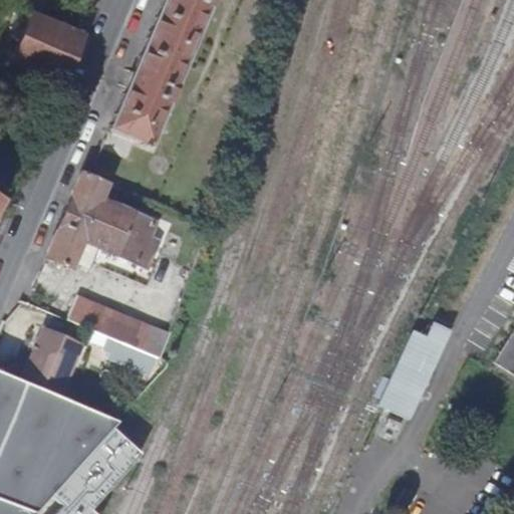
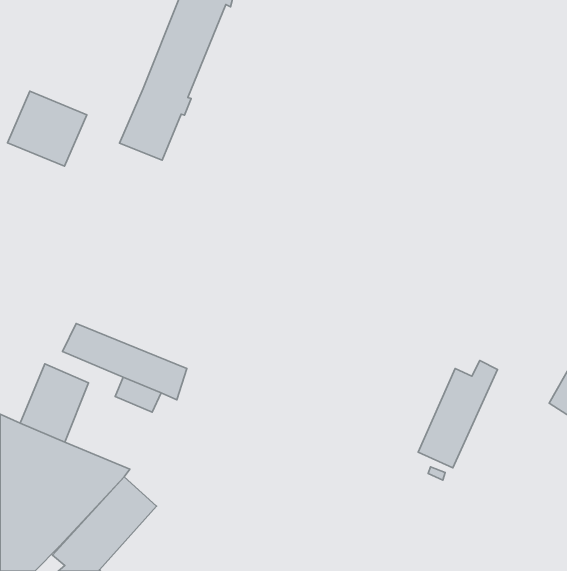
building: [13,13,84,80] -> [7,91,87,166]
building: [47,172,157,269] -> none

